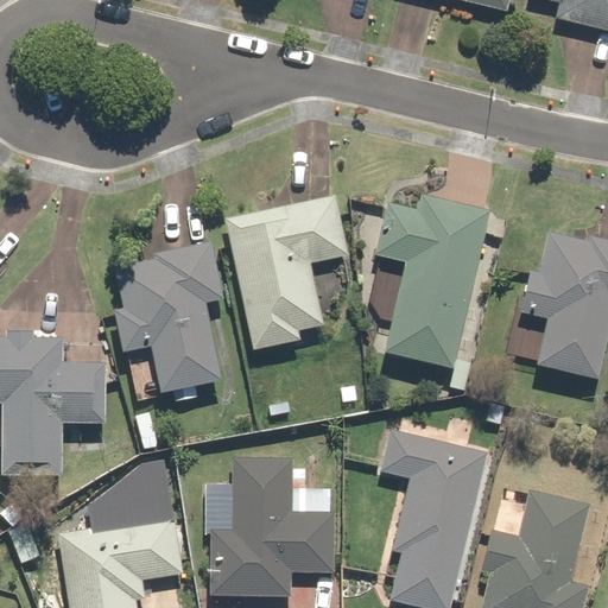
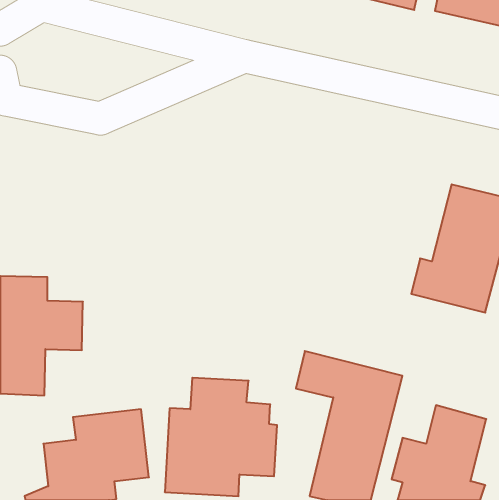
building: [374,191,490,369] -> none
building: [224,195,348,350] -> none
building: [112,247,227,394] -> none

